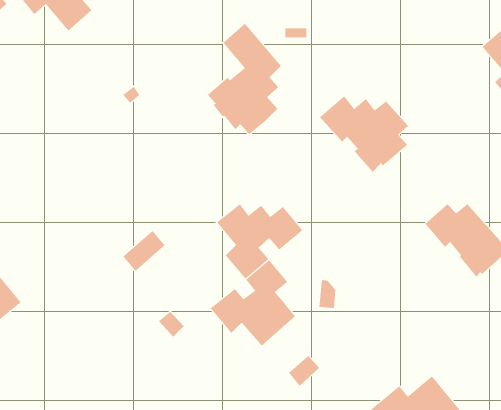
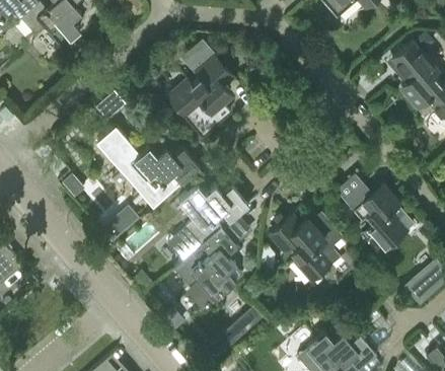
building: [319,96,409,173] -> [270,218,342,280]
building: none -> [95,128,199,210]

